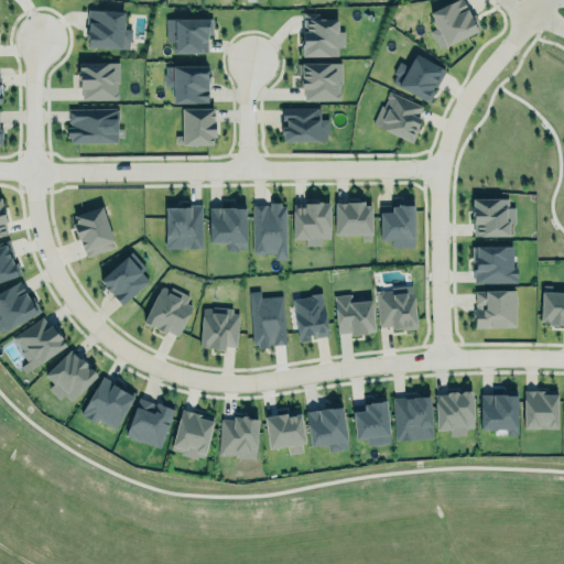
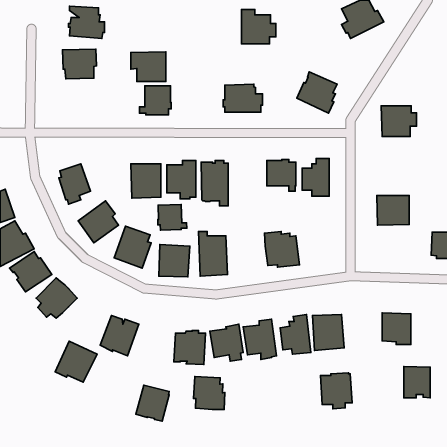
building: [167,19,214,54] -> none
building: [399,54,447,104] -> none
building: [301,63,343,101] -> none
building: [69,109,121,143] -> none
building: [474,198,518,237] -> [381,106,416,137]
building: [293,204,332,247] -> none
building: none -> [158,205,187,230]
building: [378,285,419,330] -> none
building: [476,290,519,328] -> none
building: [292,293,330,343] -> none
building: [83,378,135,430] -> [55,341,97,382]
building: [525,390,558,430] -> [404,366,430,398]
building: [436,391,476,436] -> [320,373,352,409]
building: [174,410,216,455] -> [136,385,169,421]
building: none -> [194,376,225,409]

